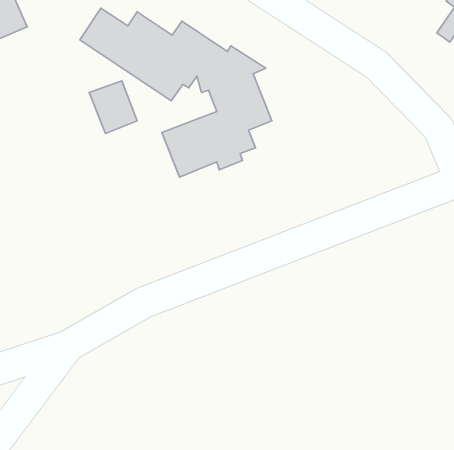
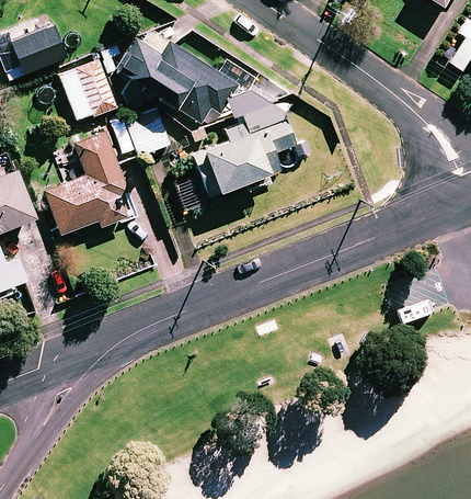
building: none -> [60,59,117,121]
building: none -> [46,131,128,234]

